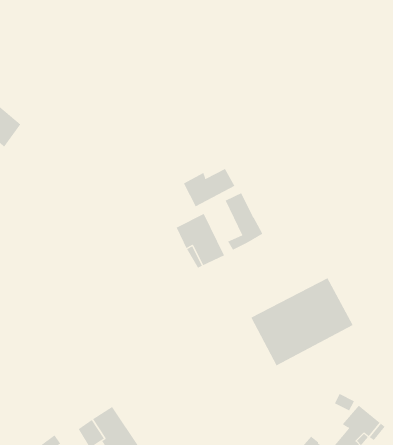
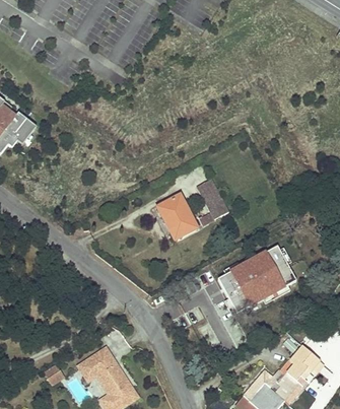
building: [183,168,235,207] -> none

